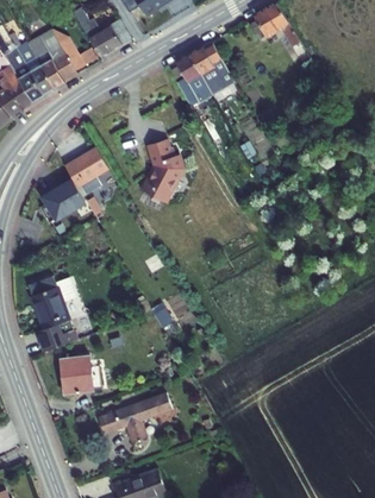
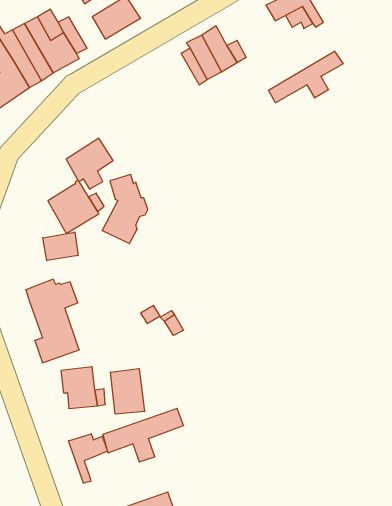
building: none -> [269,51,343,103]
building: [140,139,182,202] -> [102,174,148,244]
building: none -> [43,232,78,261]
building: none -> [111,368,144,414]
building: none -> [69,434,107,483]

